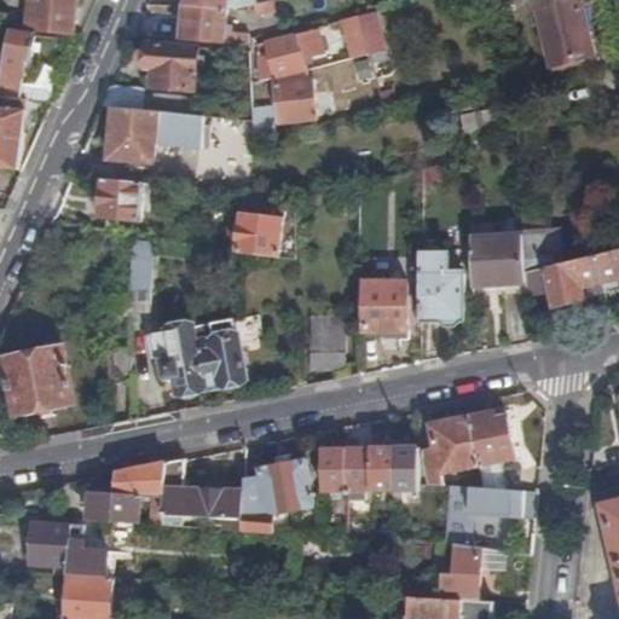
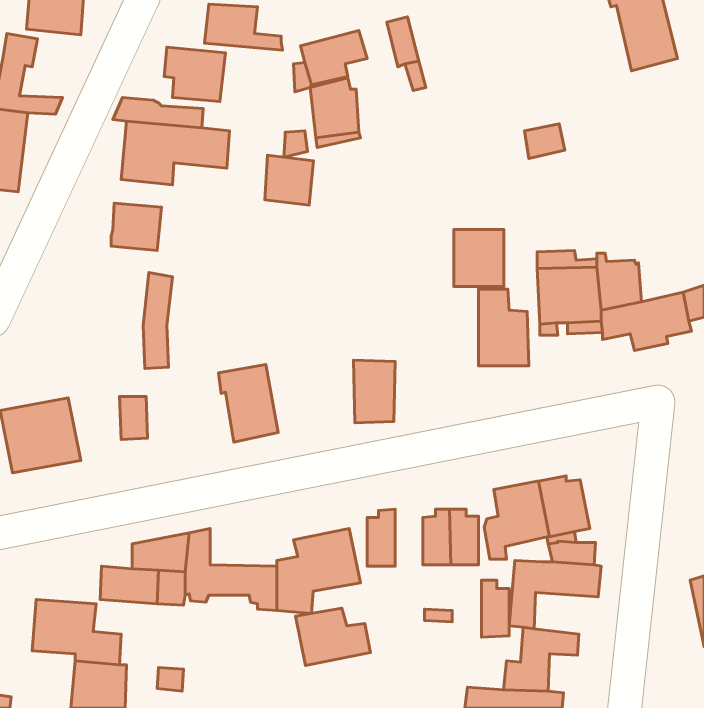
building: [236,212,278,255] -> [265,155,313,205]
building: [360,279,404,329] -> [454,230,504,287]
building: [145,324,203,389] -> none
building: [343,442,368,492] -> [481,580,509,637]
building: none -> [296,608,370,665]

